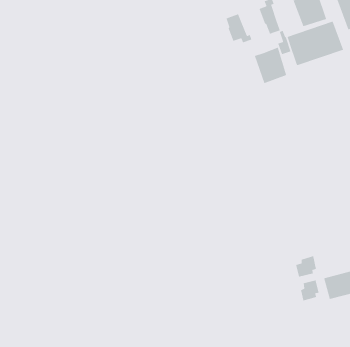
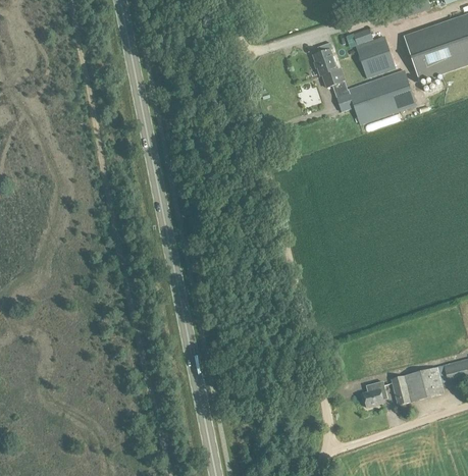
building: [226,12,252,43] -> none
building: [254,47,287,84] -> none
building: [295,255,317,278] -> none

